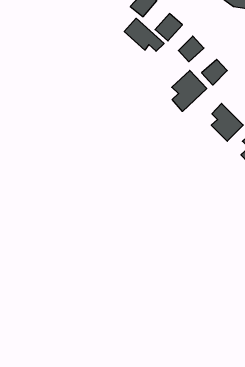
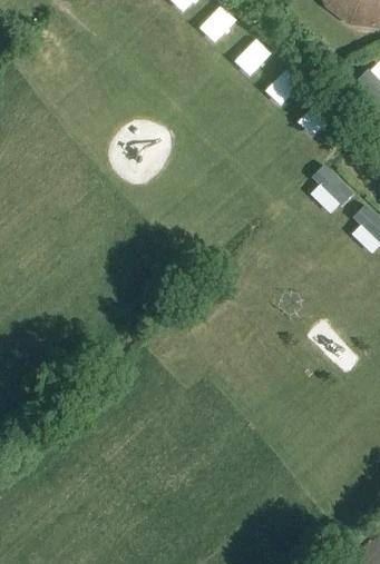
building: [124,18,164,51] -> none
building: [172,70,207,111] -> none

